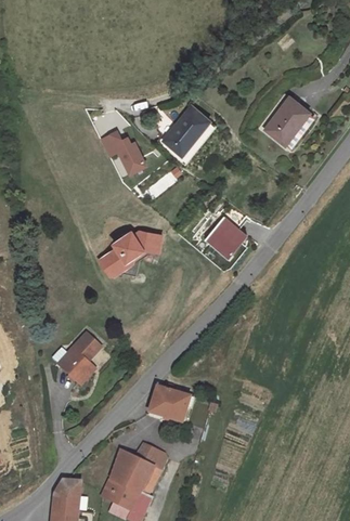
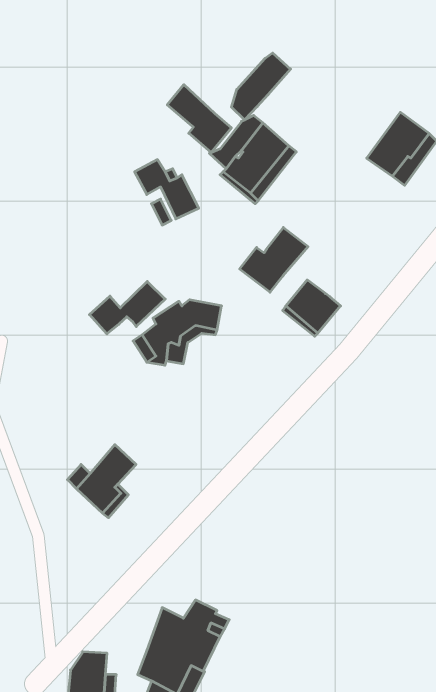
building: none -> [231,53,291,120]
building: none -> [167,85,231,153]
building: none -> [240,227,308,292]
building: none -> [89,281,165,334]
building: [148,386,190,422] -> none

